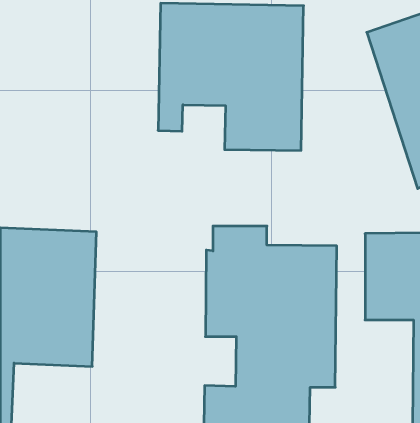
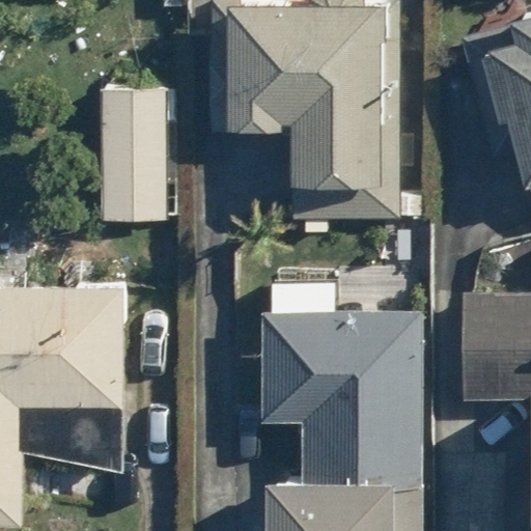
building: none -> [103,85,177,220]

